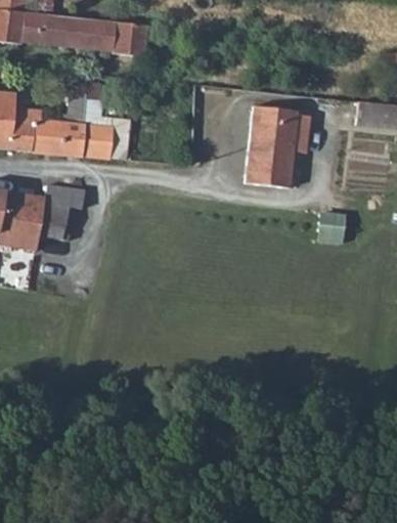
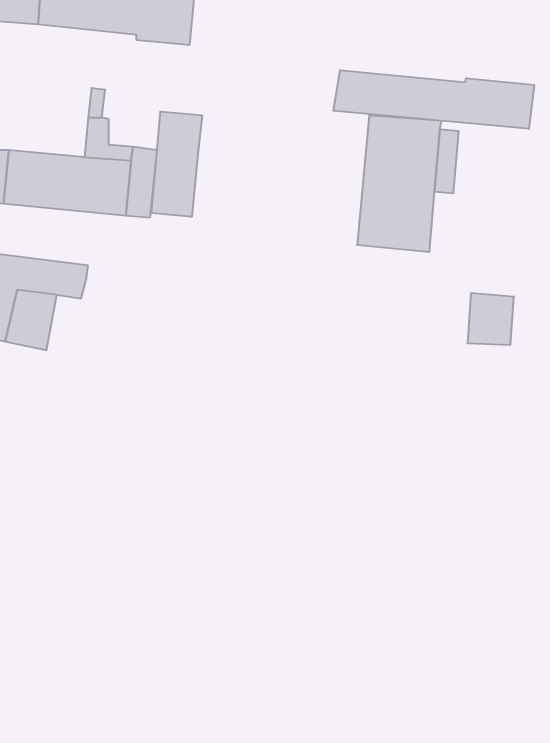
building: none -> [334,70,534,129]
building: none -> [151,111,202,217]

